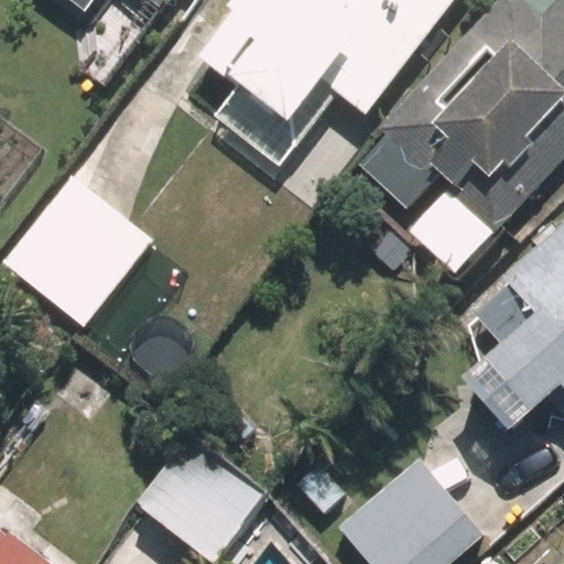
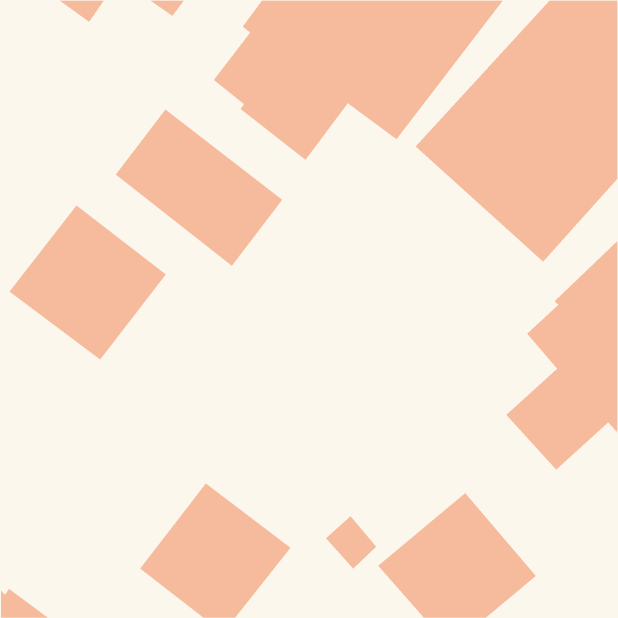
building: none -> [115,109,283,267]

